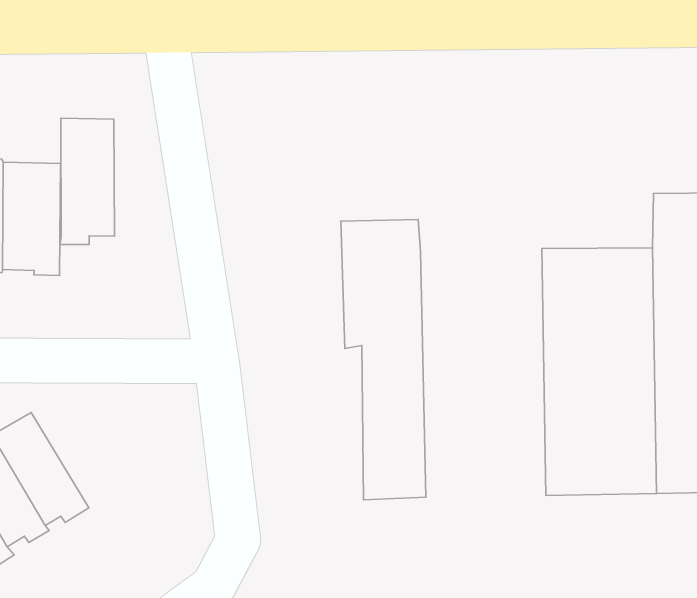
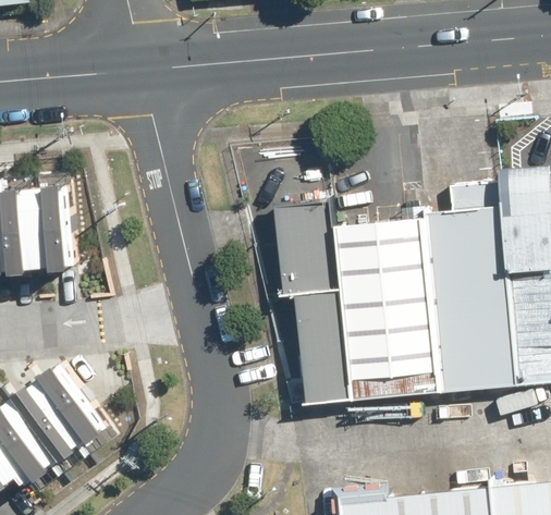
building: [60,118,114,245] -> none
building: none -> [332,216,436,401]

